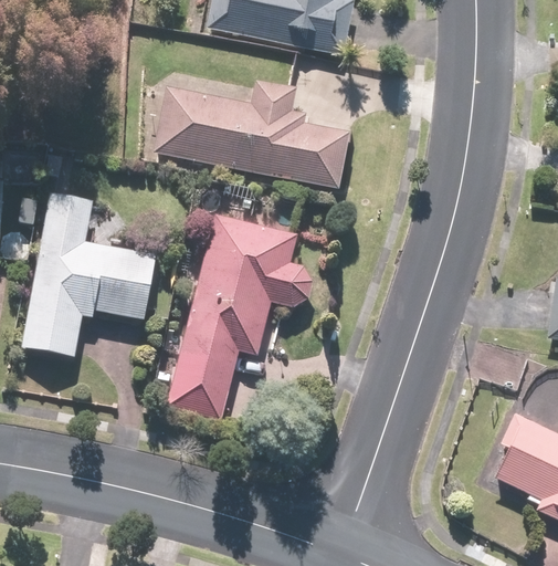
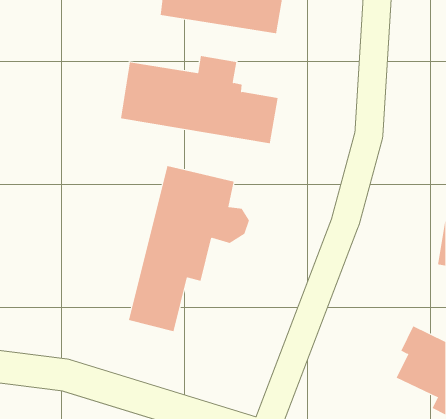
building: [22,190,156,357] -> none

